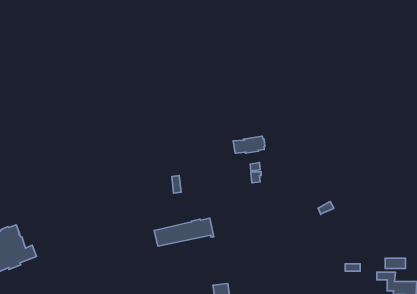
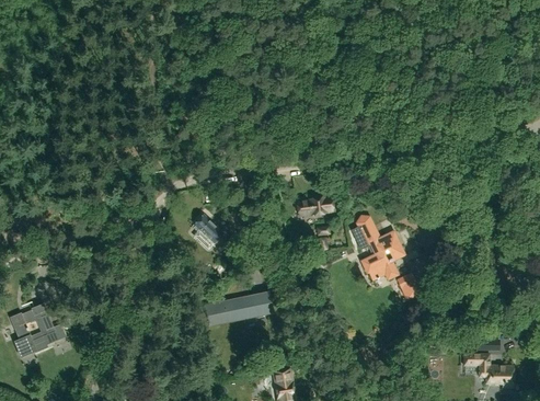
building: none -> [195,214,222,249]
building: none -> [352,217,403,280]

